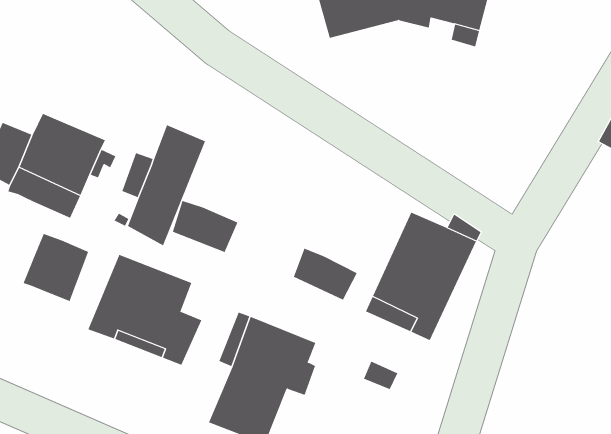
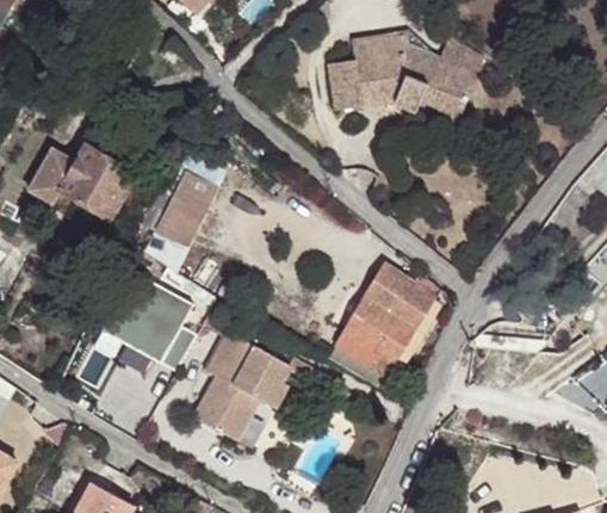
building: [172,200,238,253] -> none
building: [23,233,89,302] -> none
building: [293,248,357,301] -> none

